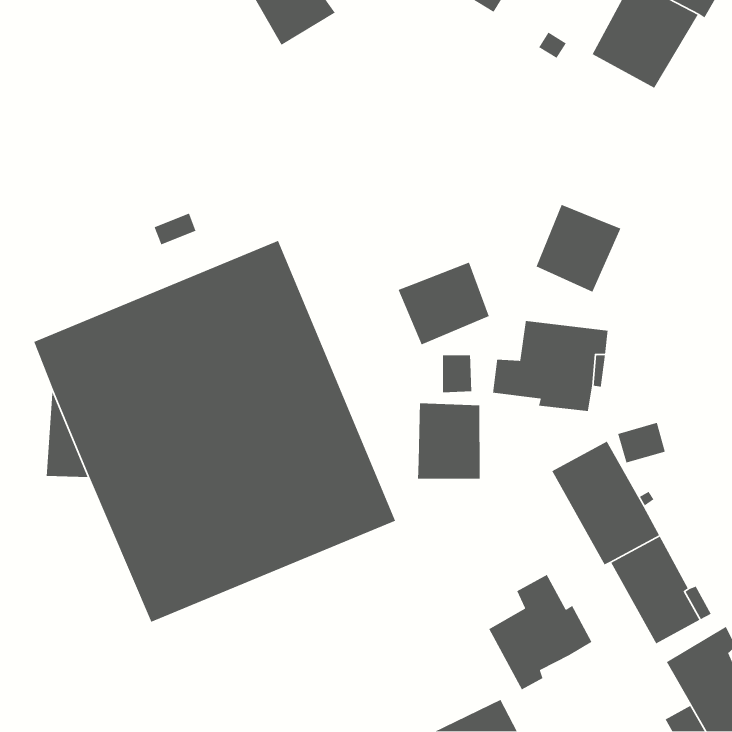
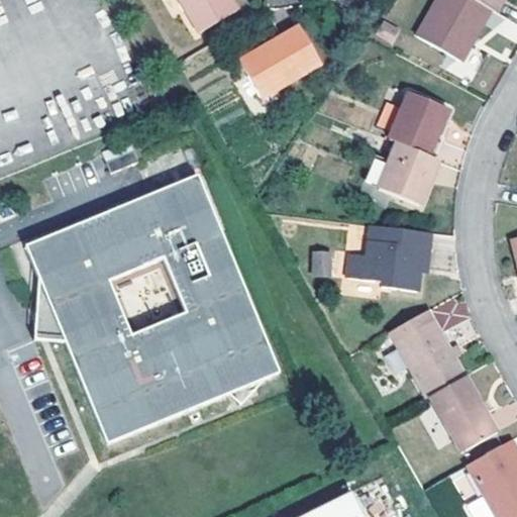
building: none -> [241,28,321,100]
building: none -> [389,93,447,157]
building: [398,261,490,346] -> none
building: [417,402,480,479] -> none
building: [488,574,593,691] -> none

